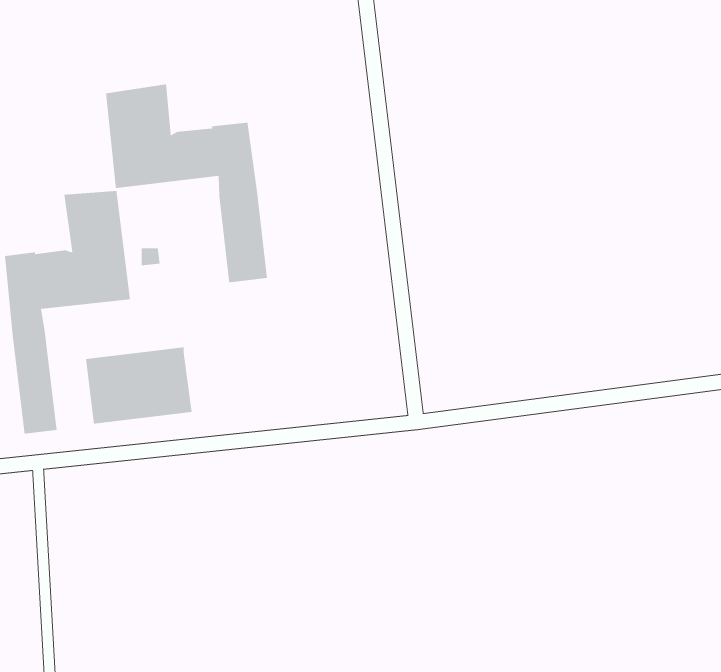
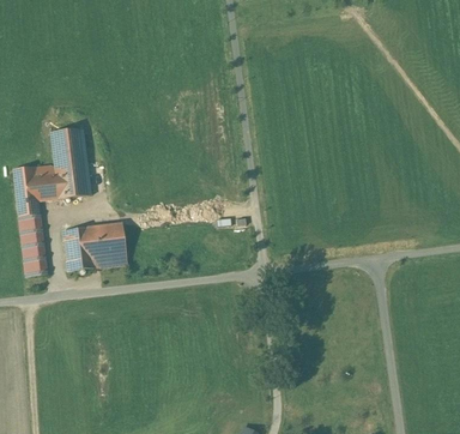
building: [105,84,268,283] -> none

